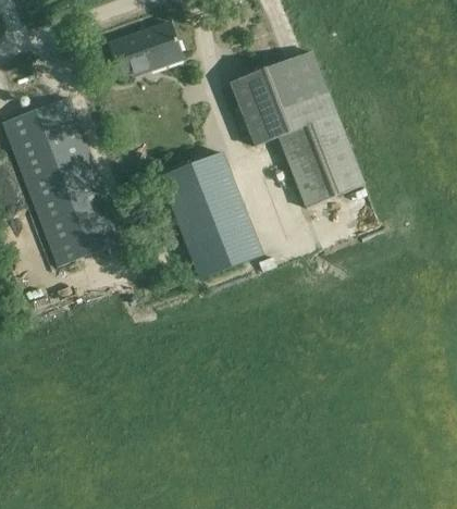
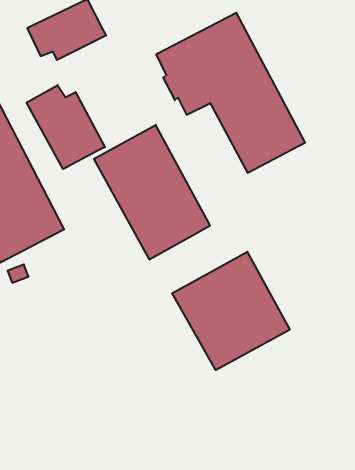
building: none -> [27,85,105,169]
building: none -> [172,252,290,370]

